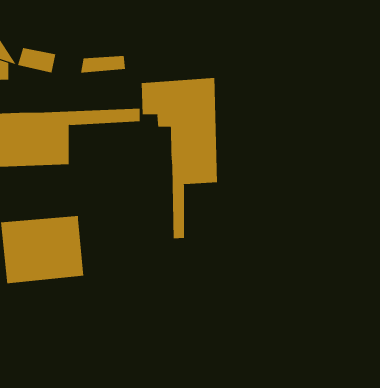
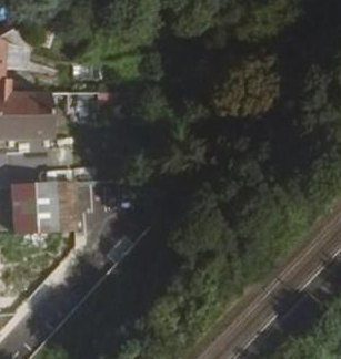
building: [141,77,217,239] -> none

